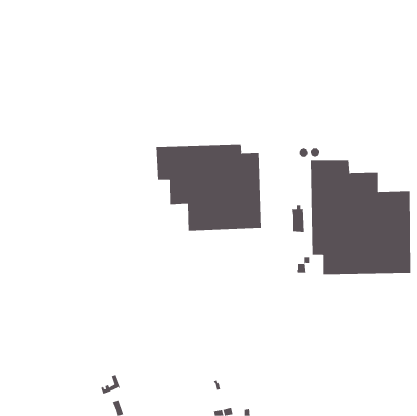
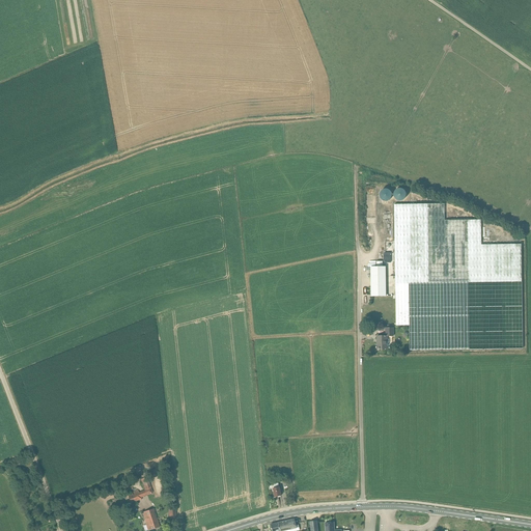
building: [156,144,262,232] -> none

